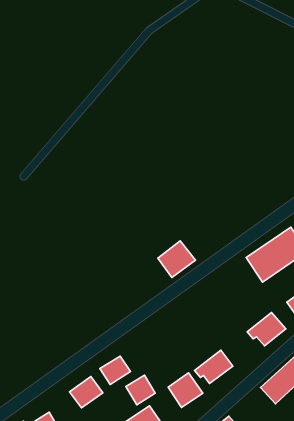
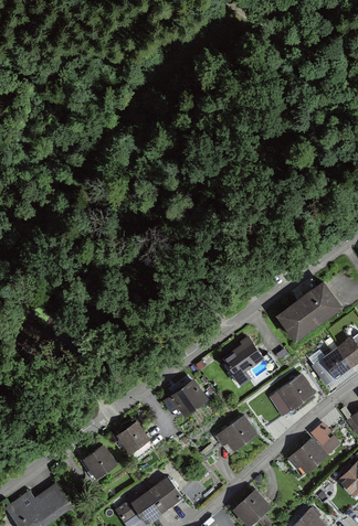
building: [158,241,195,277] -> [223,339,264,378]
building: [168,373,203,407] -> [171,378,209,416]
building: [126,375,155,405] -> none

